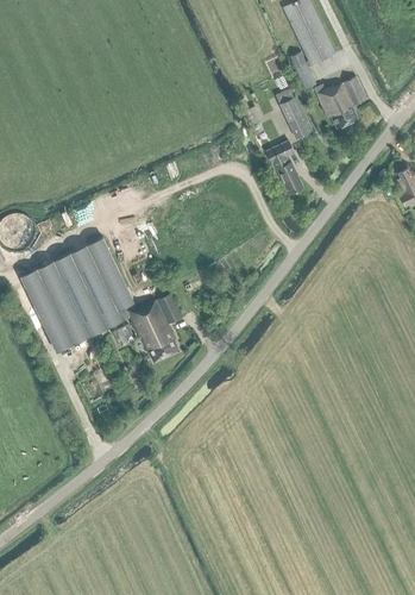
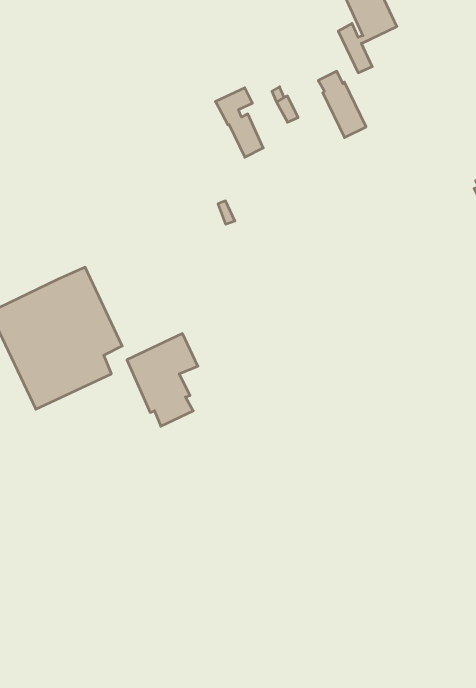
building: [315,77,367,130] -> none
building: [265,142,302,195] -> [215,88,263,157]

